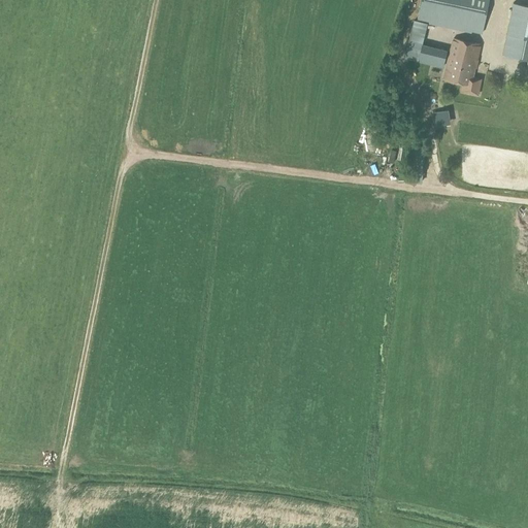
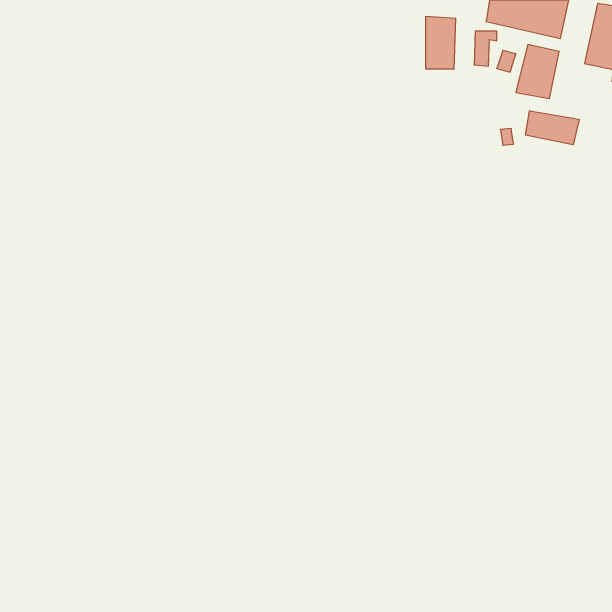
building: none -> [426,16,456,69]
building: none -> [525,111,579,145]

